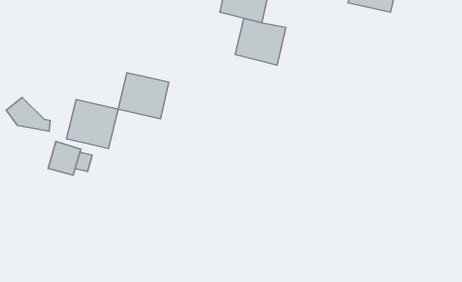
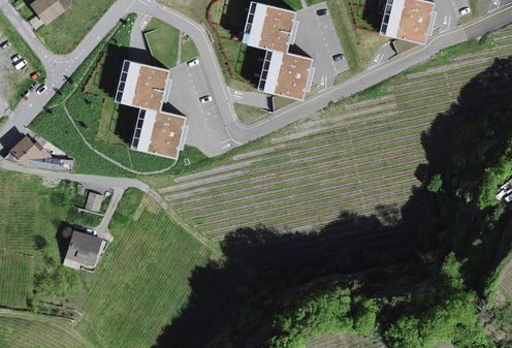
building: [66,100,118,148] -> [114,58,169,110]
building: [48,142,81,175] -> [65,228,100,264]

